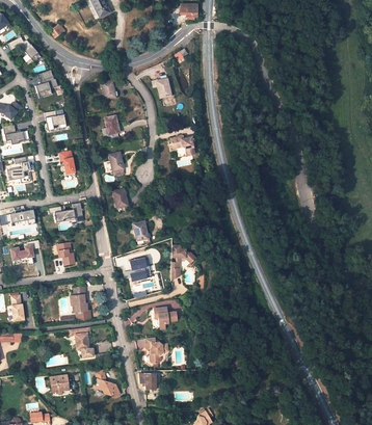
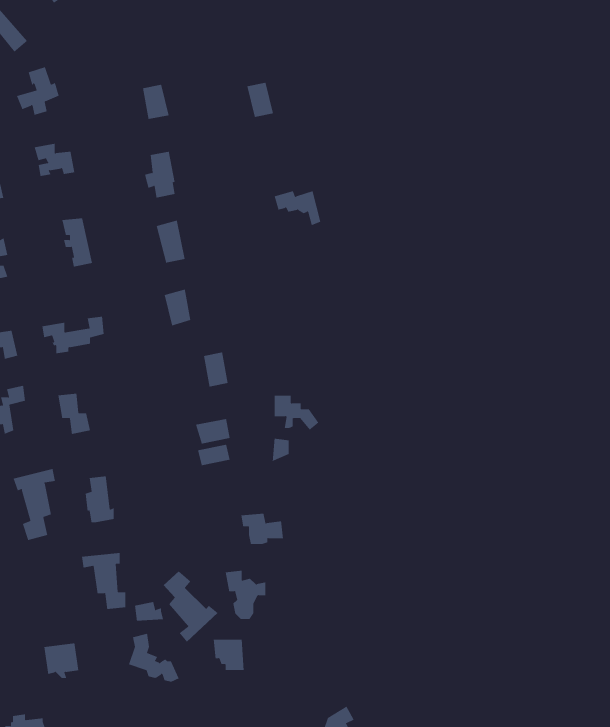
building: none -> [13,468,55,541]
building: none -> [163,570,218,643]

